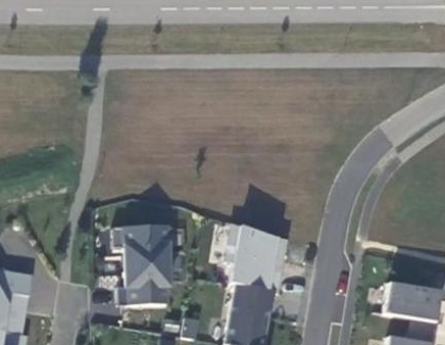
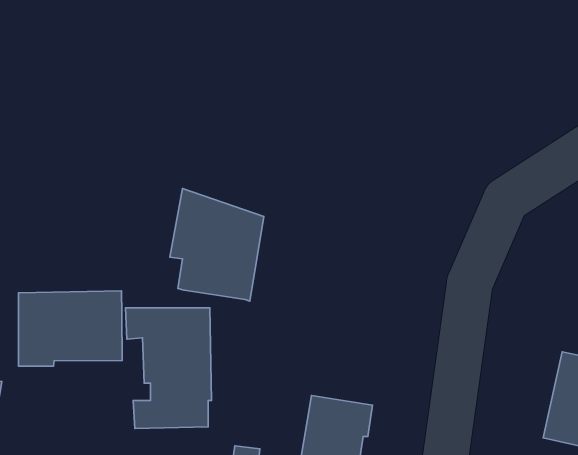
building: none -> [18,291,122,366]
building: [225,219,286,293] -> [170,188,264,301]

